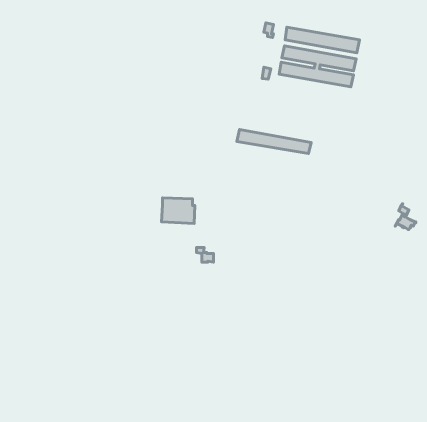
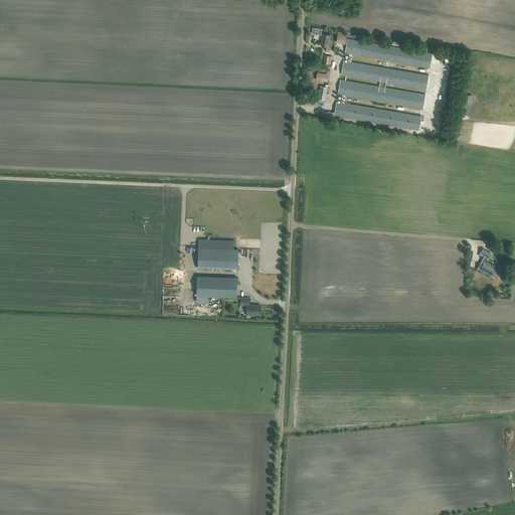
building: [237,130,311,154] -> [333,102,420,130]
building: none -> [195,276,236,298]

